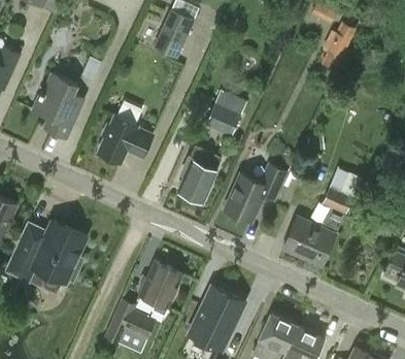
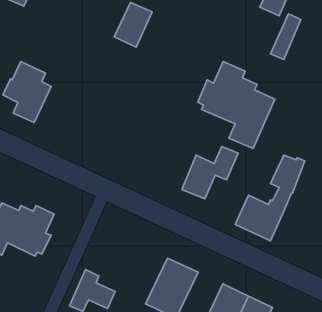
building: none -> [198,62,275,149]
building: [97,101,153,164] -> none
building: [205,103,241,136] -> none
building: [179,149,221,201] -> none
building: [138,262,182,317] -> none

